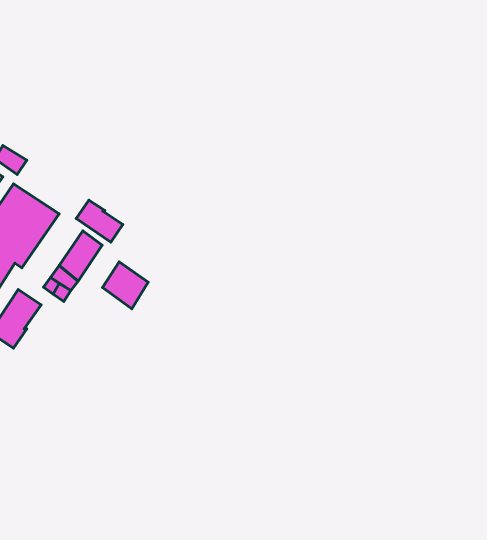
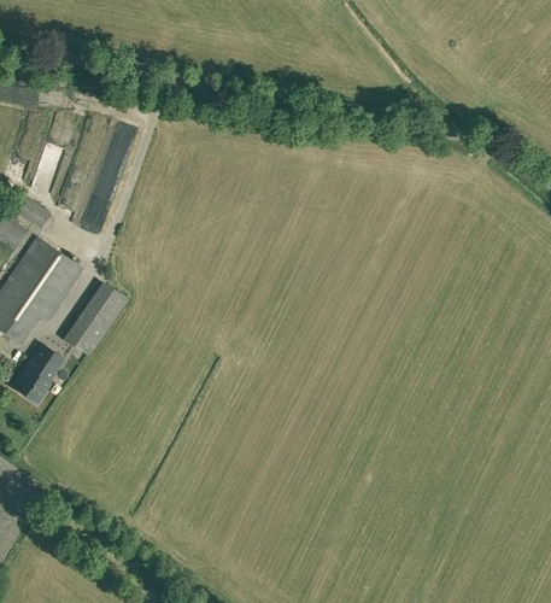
building: [76,200,123,242] -> none
building: [102,262,148,309] -> none

